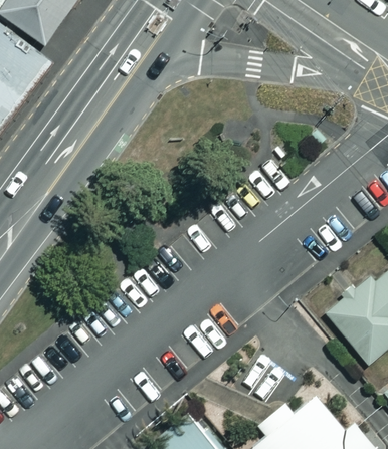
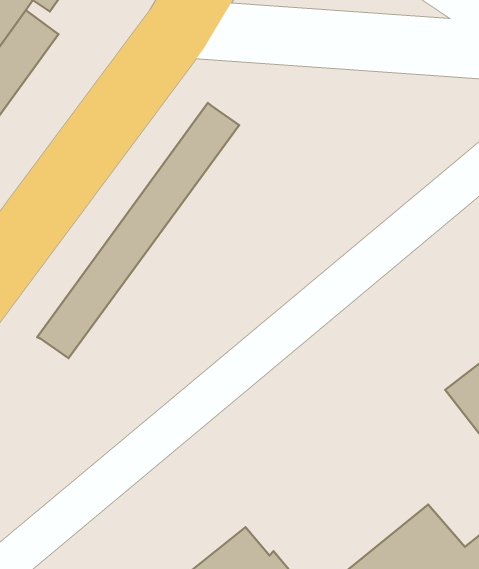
building: none -> [37,103,239,358]

